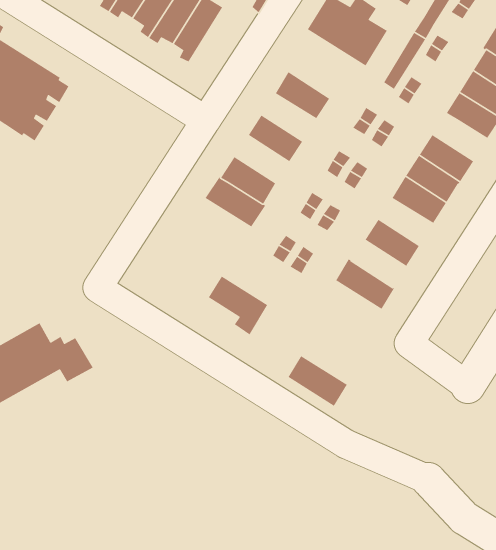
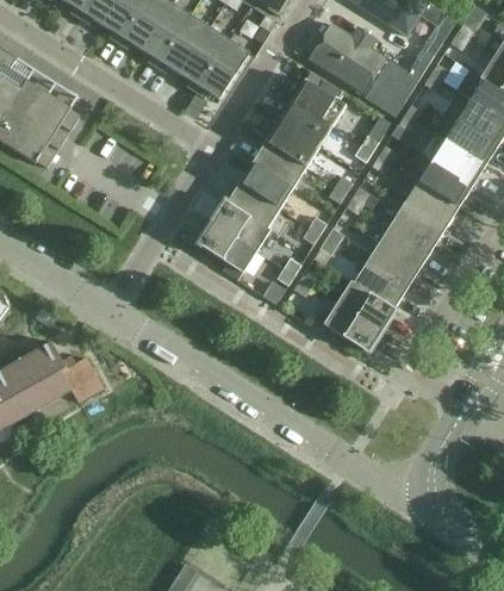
building: none -> [195,37,249,98]
building: none -> [292,70,346,125]
building: none -> [266,120,319,167]
building: none -> [431,139,485,186]
building: none -> [239,161,293,207]
building: none -> [379,222,433,268]
building: none -> [353,262,406,309]
building: [208,275,268,336] -> [198,222,256,280]
building: [287,355,348,407] -> [324,301,382,352]

